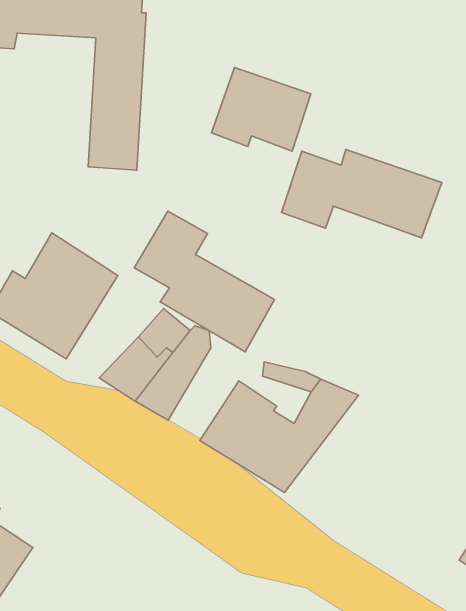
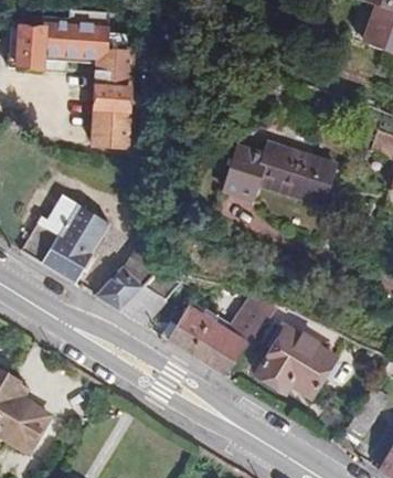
building: [211,68,311,151] -> none
building: [134,211,274,352] -> none
building: none -> [258,330,342,401]

